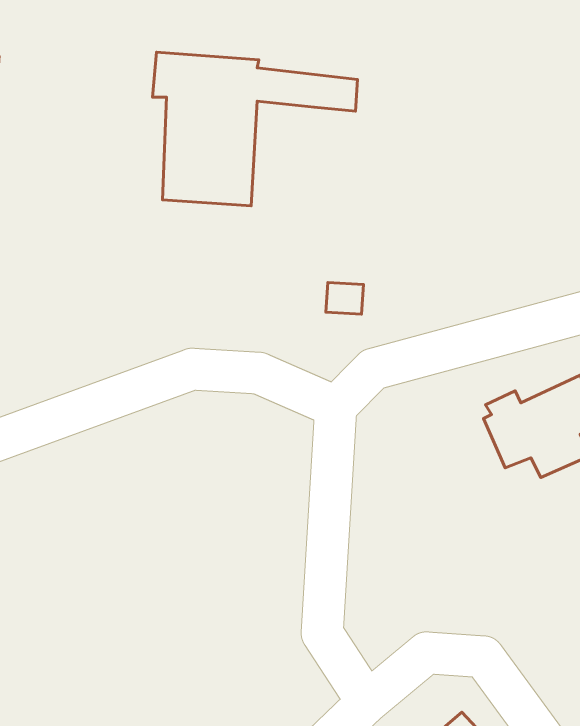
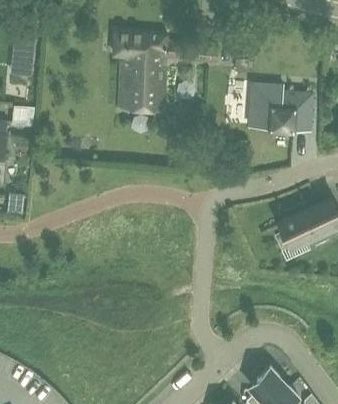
building: none -> [249,84,312,131]

